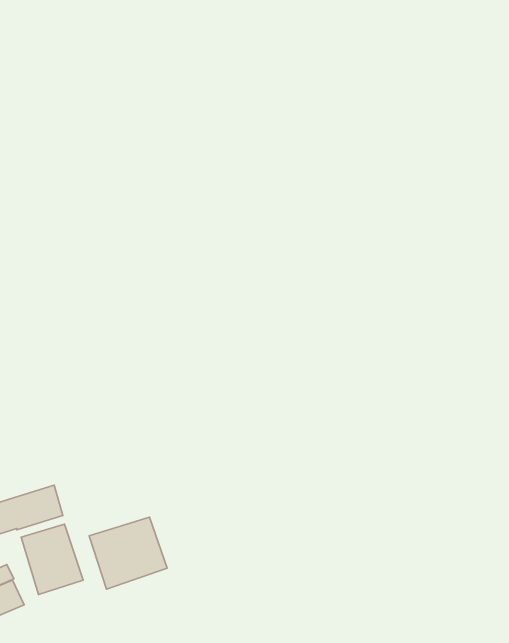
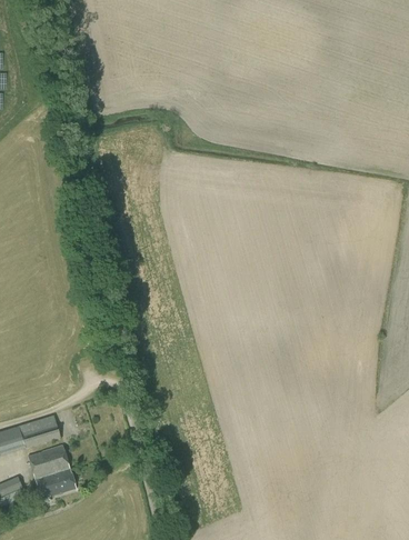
building: [89,517,167,589] -> none

